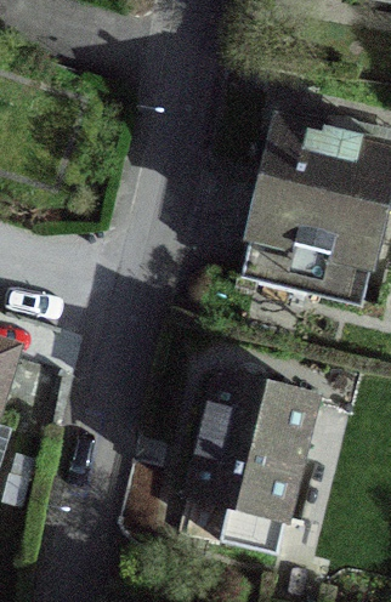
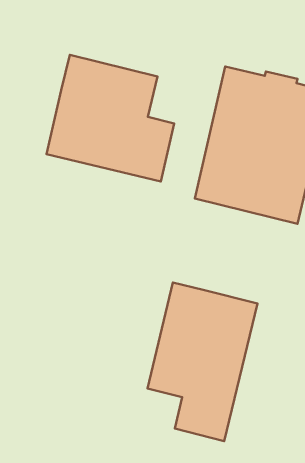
building: none -> [46,55,174,181]

